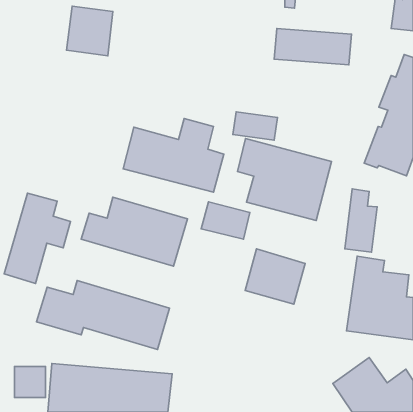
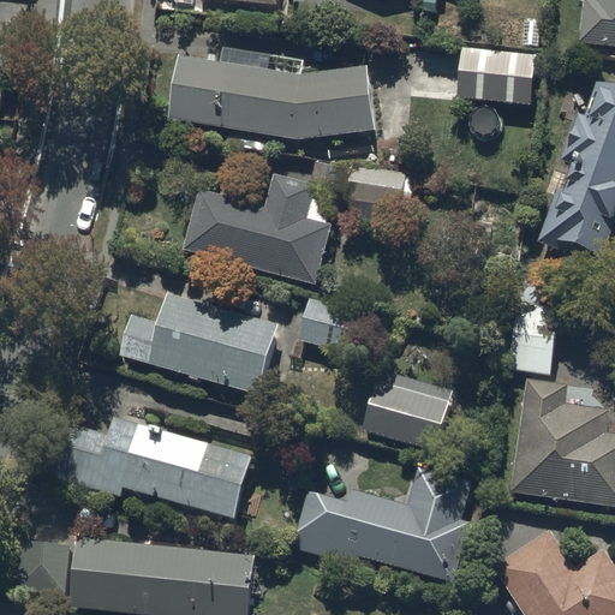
building: [67,6,113,56] -> none
building: none -> [168,48,377,150]
building: [237,139,332,220] -> none
building: [4,193,70,283] -> none
building: none -> [293,467,467,580]

